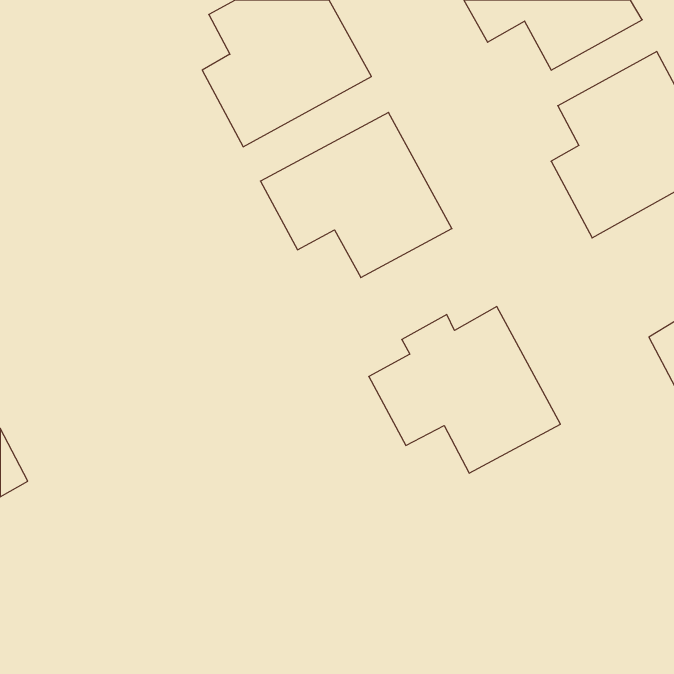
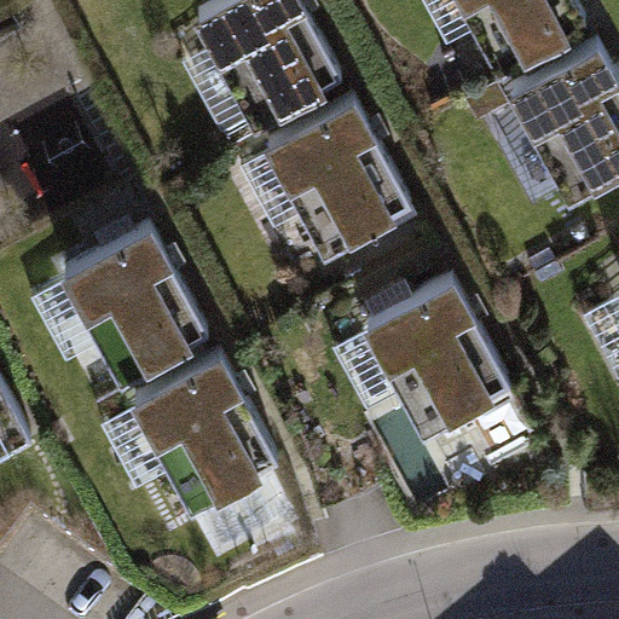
building: none -> [31,232,208,383]
building: none -> [109,364,284,515]

